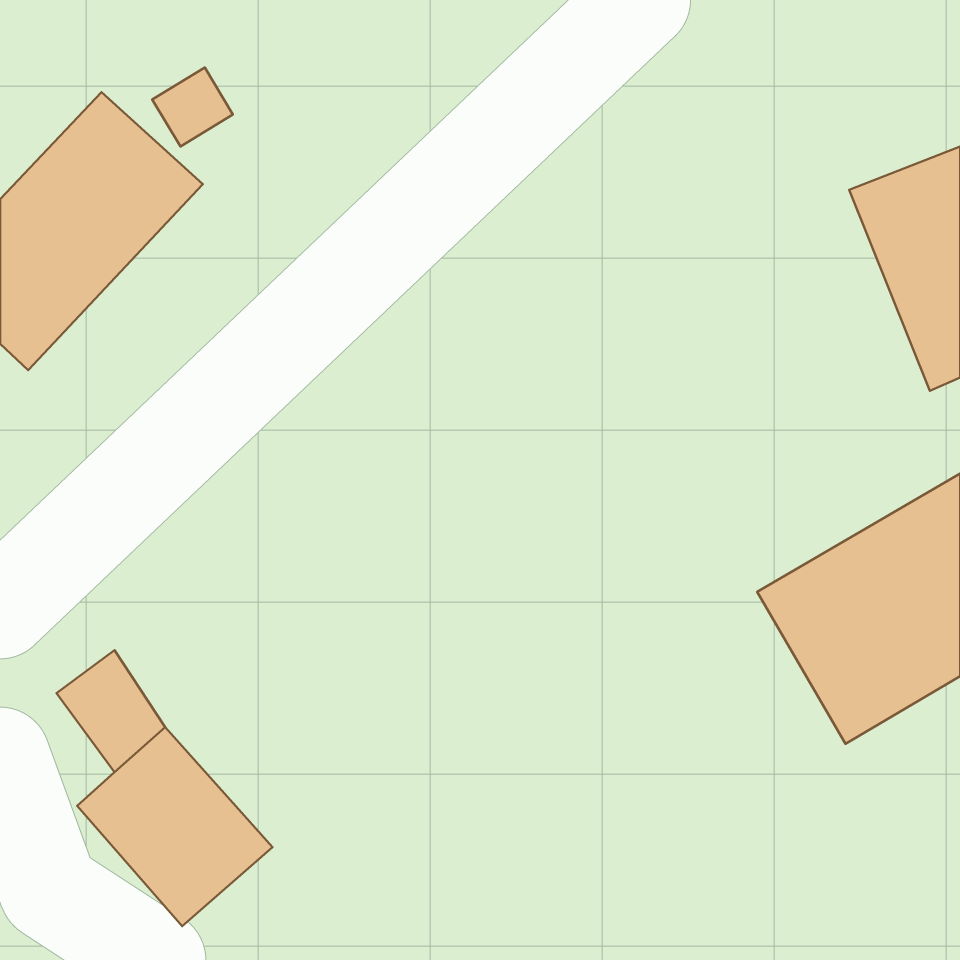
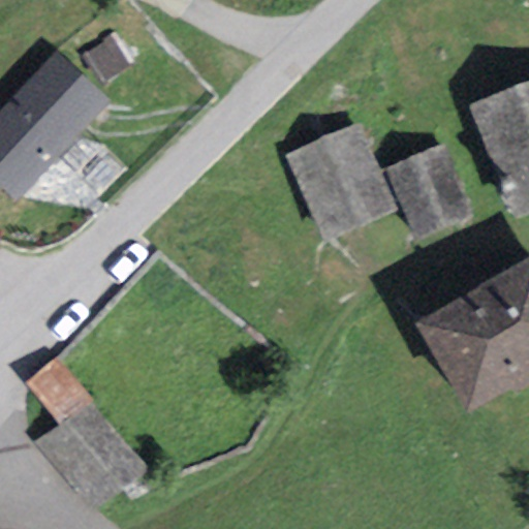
building: none -> [292,125,395,235]
building: none -> [392,148,470,236]

